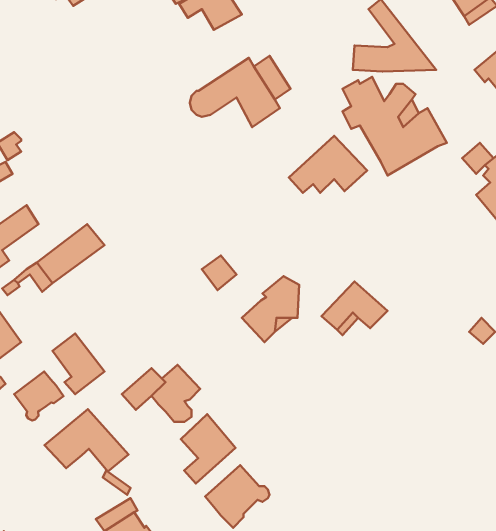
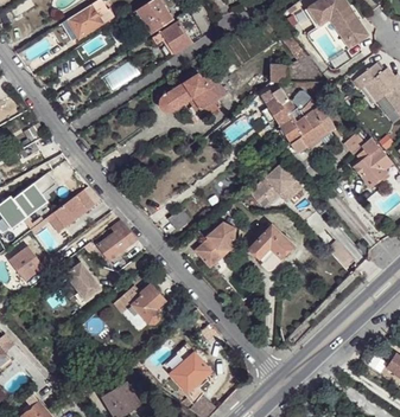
building: [289,136,367,193] -> [247,162,300,201]
building: none -> [99,220,136,259]
building: [14,371,63,420] -> none
building: [45,409,128,472] -> none
building: [181,414,236,483] -> none

